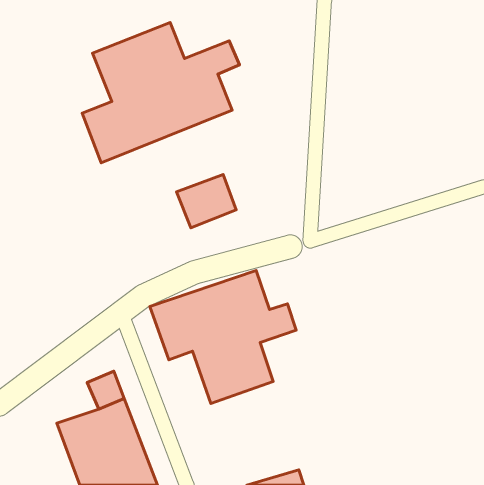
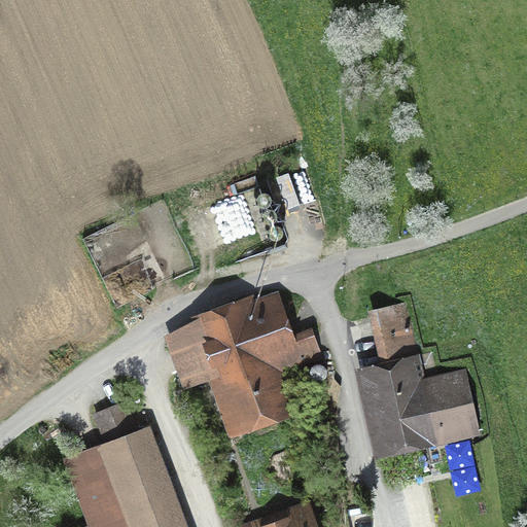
building: [82,23,240,163] -> none
building: none -> [358,304,480,456]

